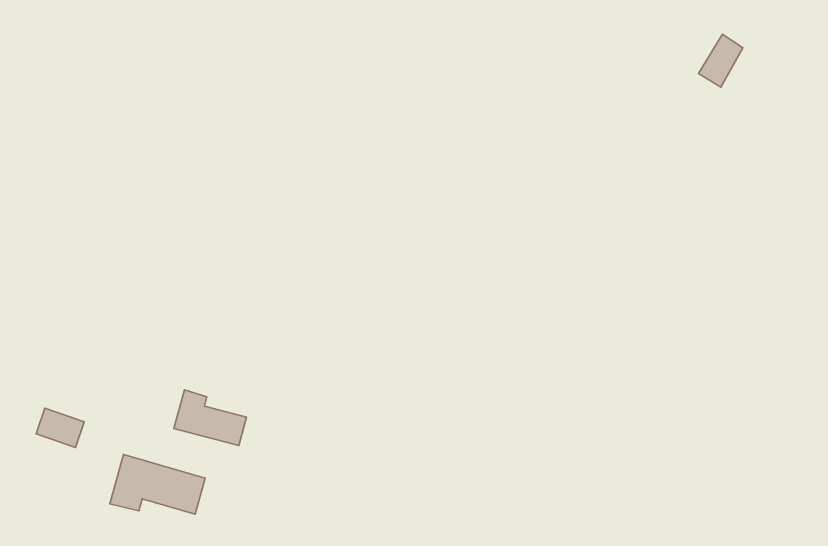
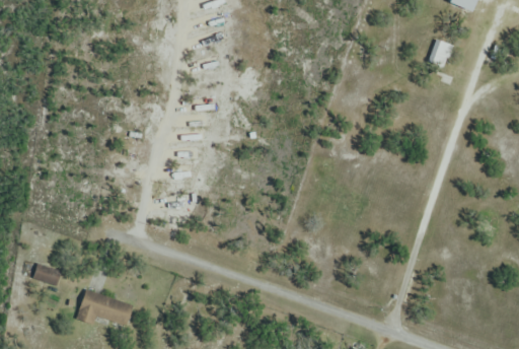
building: [174,390,246,446] -> none

